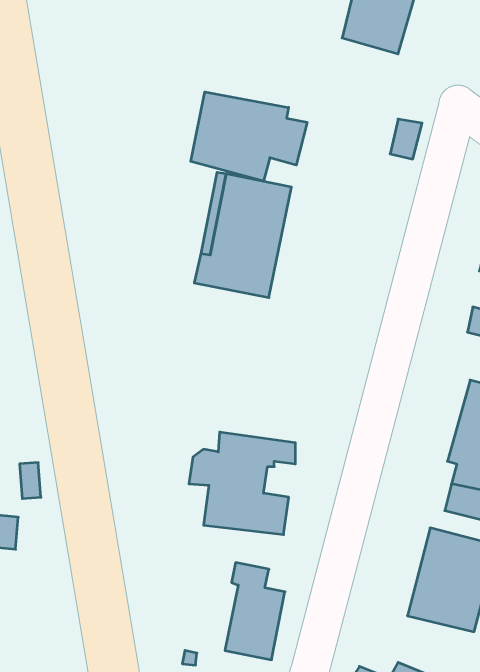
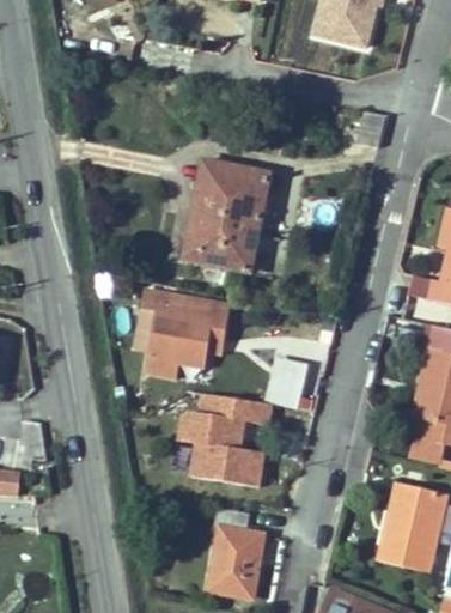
building: [191,92,307,181] -> none
building: none -> [134,287,231,376]
building: none -> [263,354,309,408]

